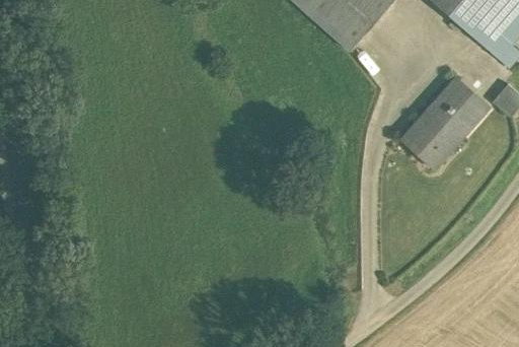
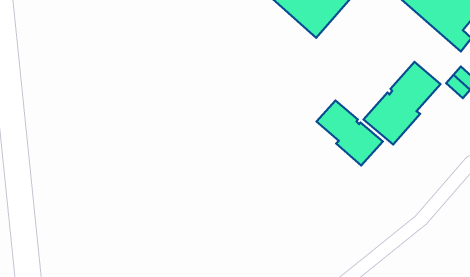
building: none -> [317,100,383,166]

